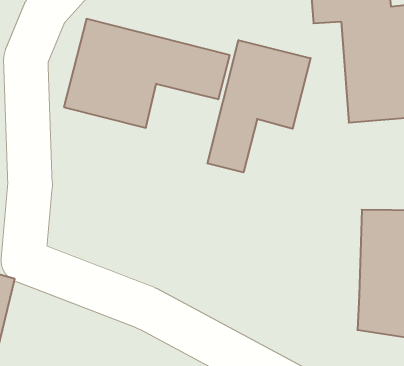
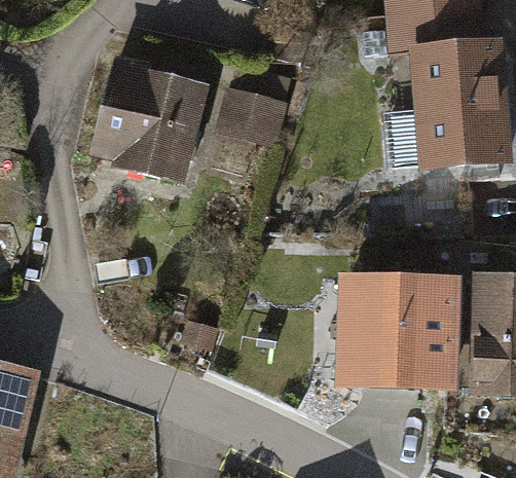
building: [207,40,311,172] -> none
building: none -> [337,279,443,382]

